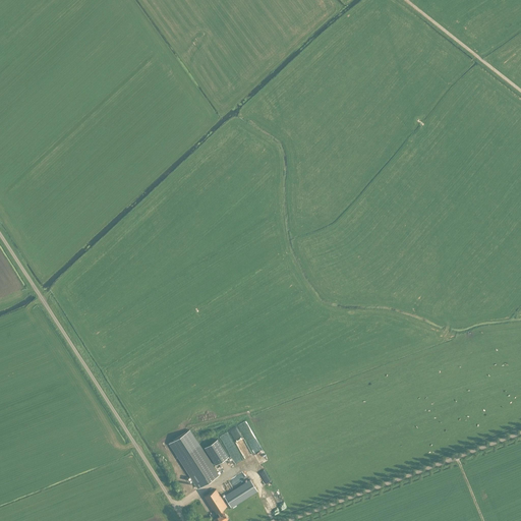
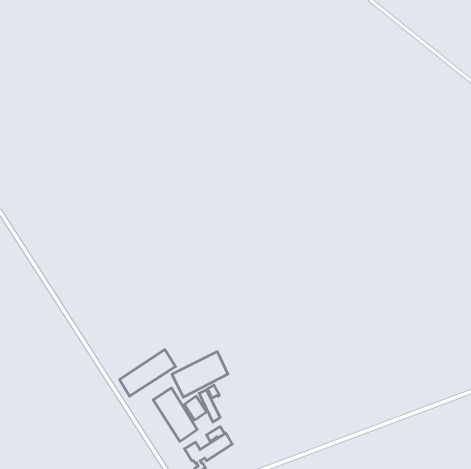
building: none -> [120,350,176,396]
building: none -> [172,352,228,397]

